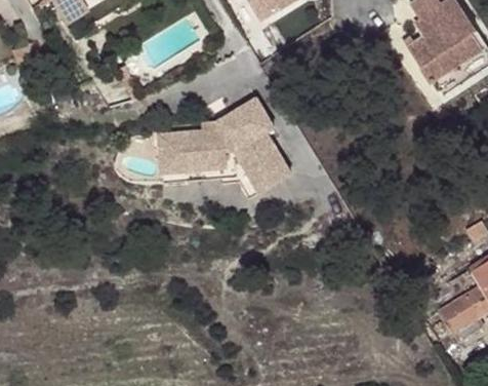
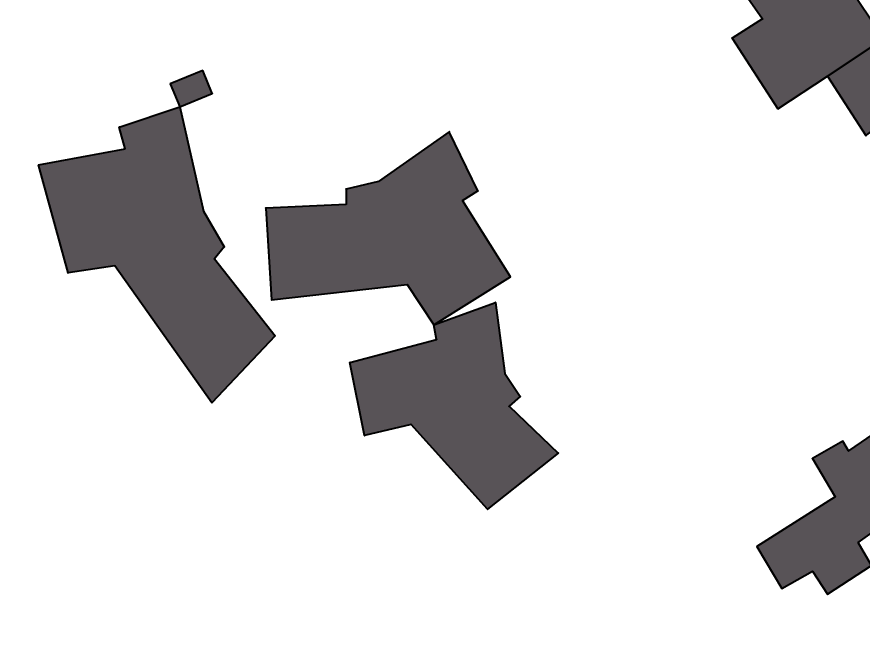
building: none -> [39,107,275,403]
building: none -> [350,302,558,509]

